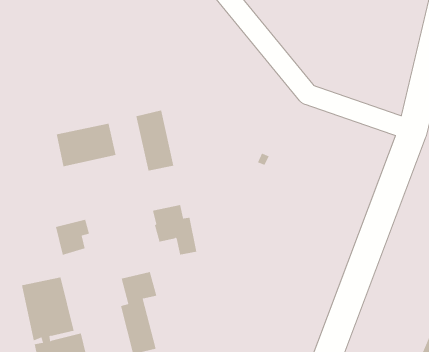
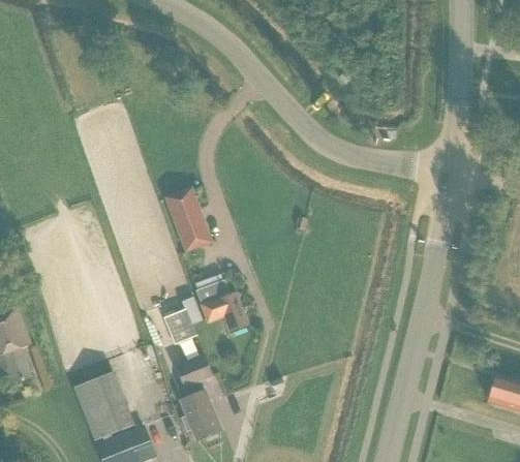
building: [56,123,116,167] -> none
building: [55,219,90,255] -> [163,305,200,345]

